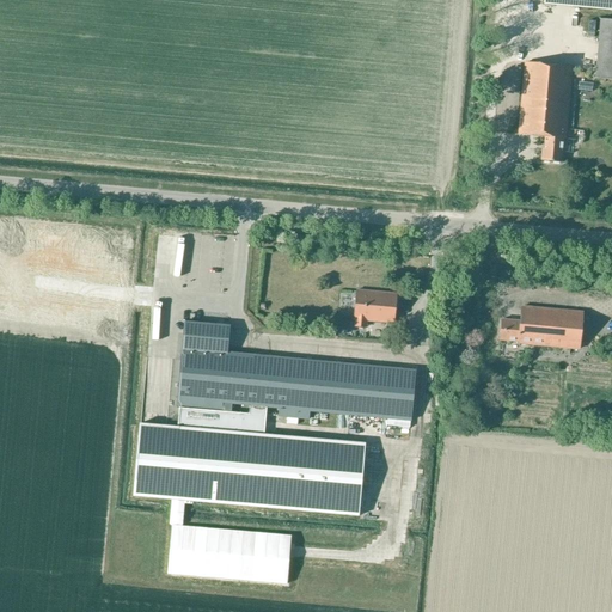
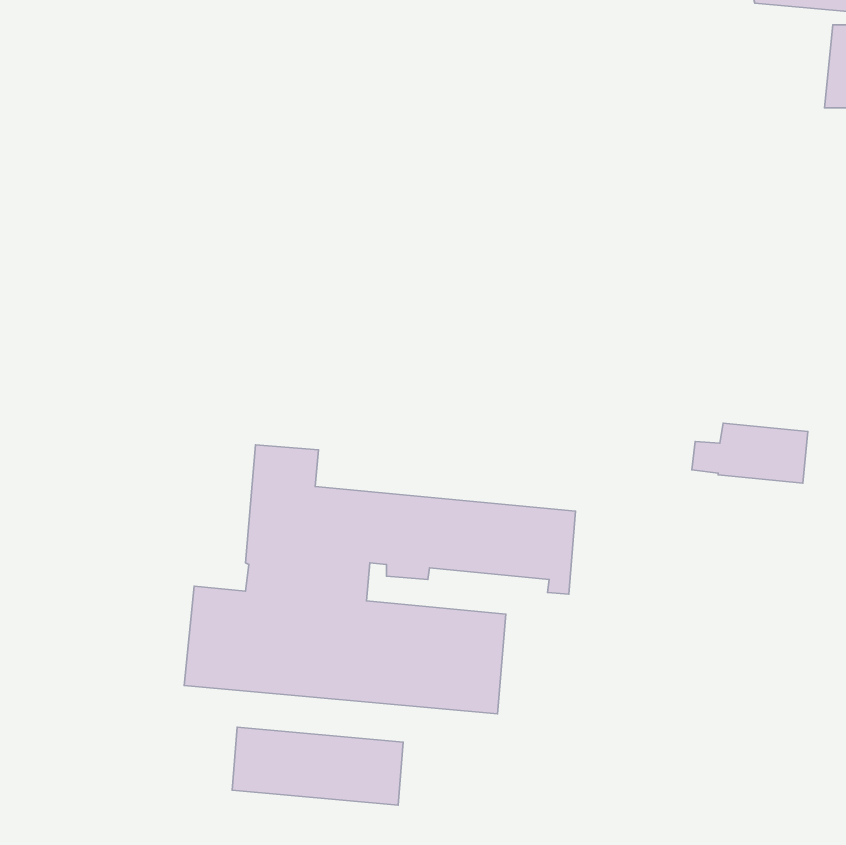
building: [519,61,573,161] -> none
building: [359,288,398,324] -> none

